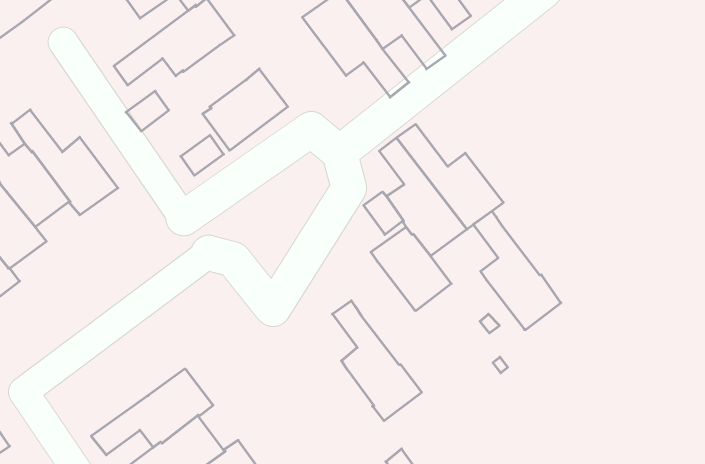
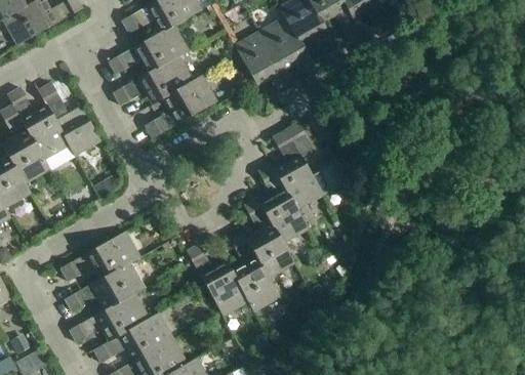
building: none -> [137,55,193,103]
building: [473,211,561,330] -> [244,197,294,276]
building: none -> [60,230,140,280]
building: none -> [187,243,249,315]

